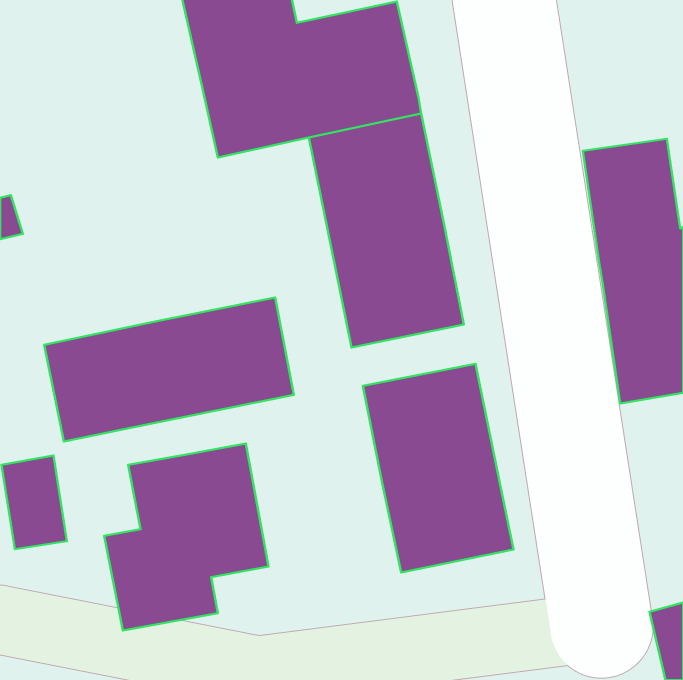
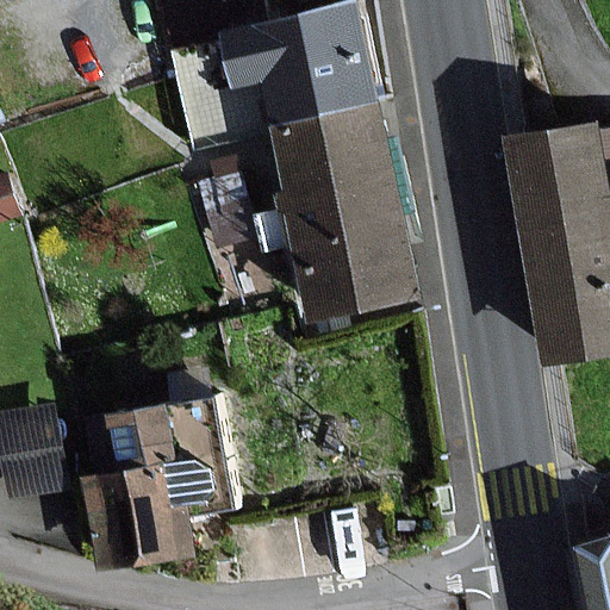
building: [44,298,294,441] -> none
building: [363,364,513,573] -> none

